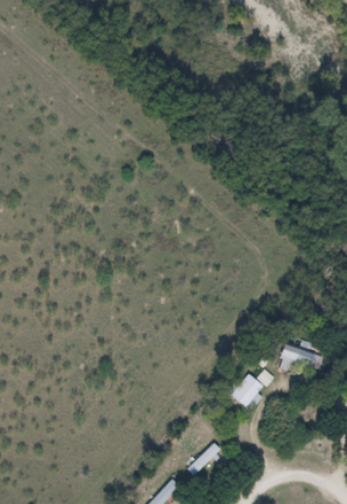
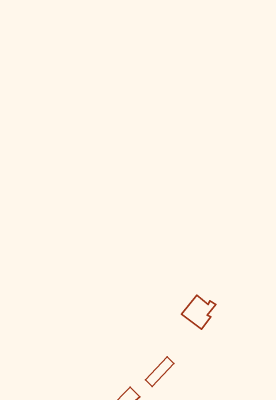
building: [285,346,314,368] -> none

